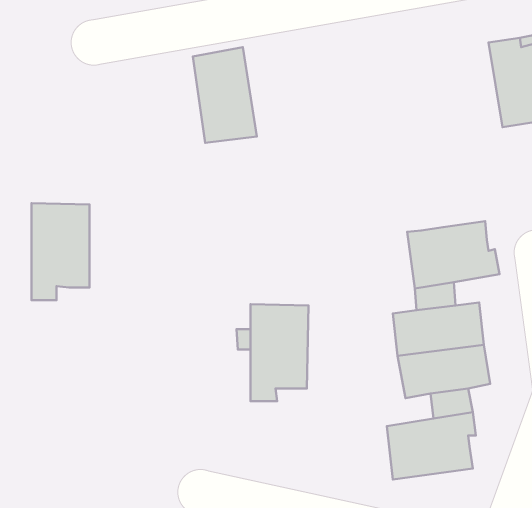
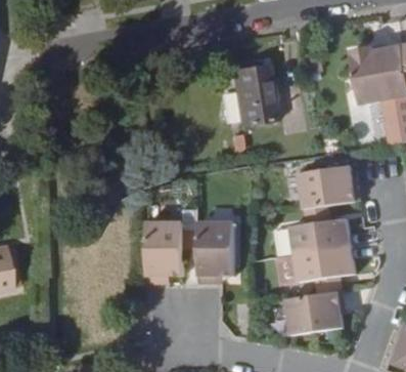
building: [193,47,257,143] -> [233,68,275,130]
building: [32,203,89,300] -> [146,218,184,282]

